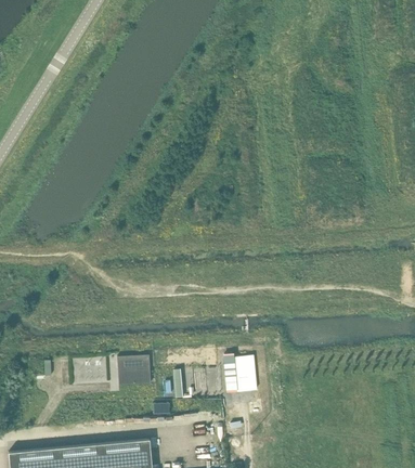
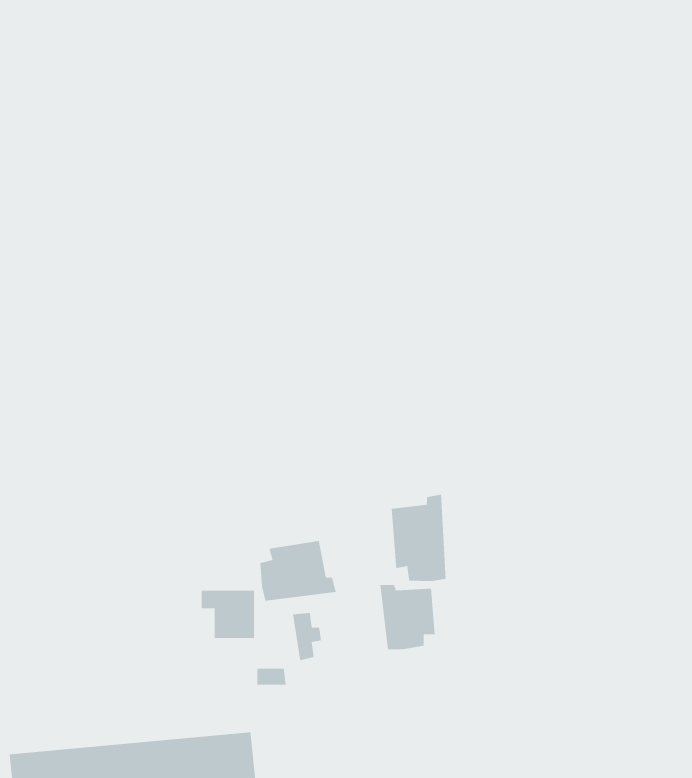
building: none -> [391,494,446,582]
building: none -> [260,540,336,601]

